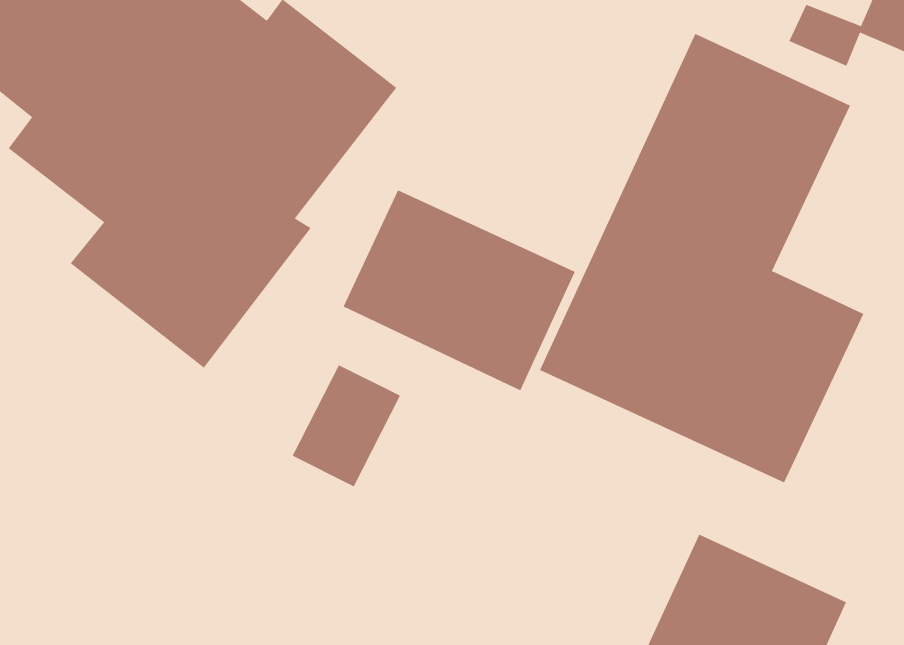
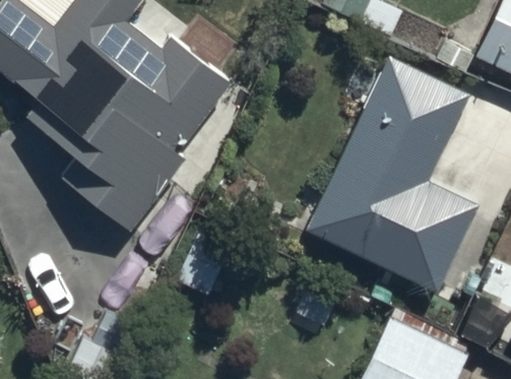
building: [343,189,575,391] -> none

